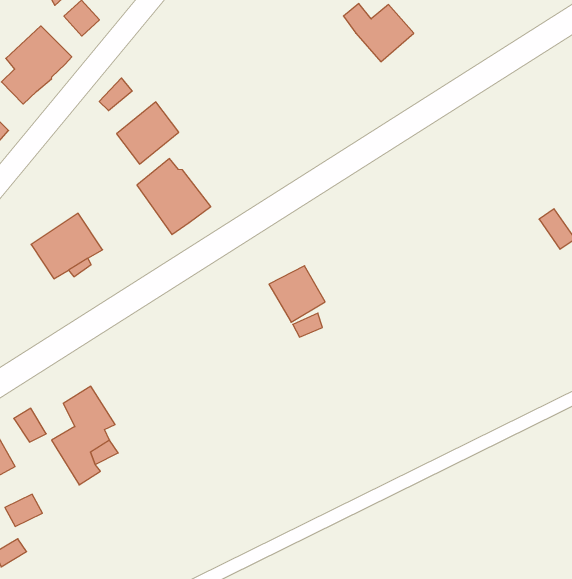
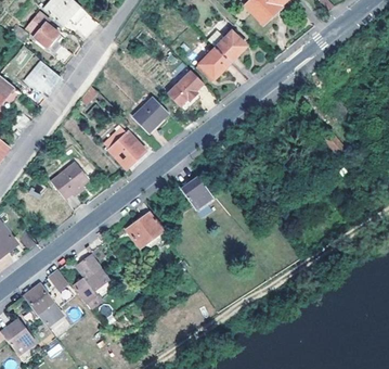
building: none -> [198,48,230,78]
building: none -> [166,69,203,105]
building: [117,102,179,164] -> [134,97,168,131]
building: none -> [127,203,164,246]

